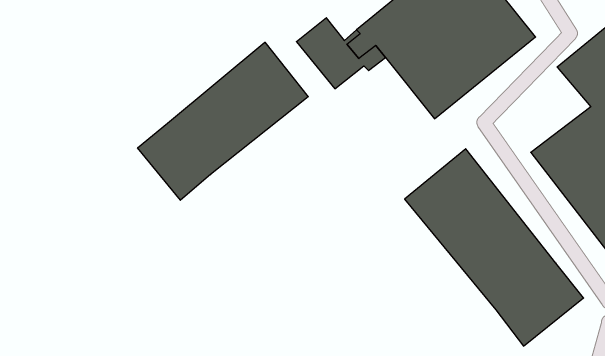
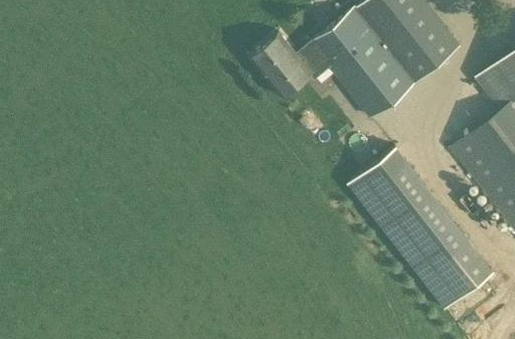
building: [138,42,308,200] -> none

